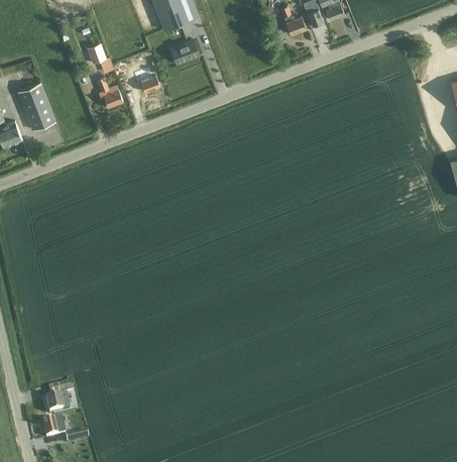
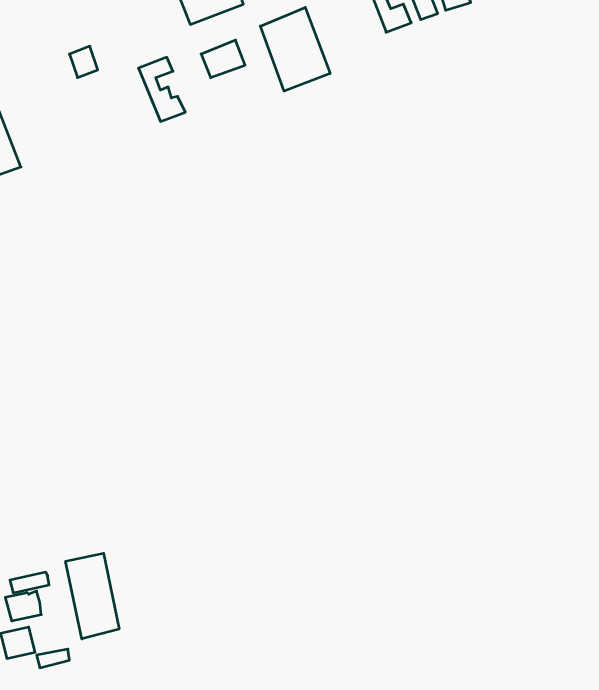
building: none -> [260,7,330,91]
building: [98,78,124,107] -> none
building: none -> [66,553,119,639]

